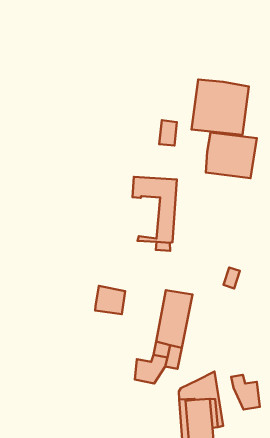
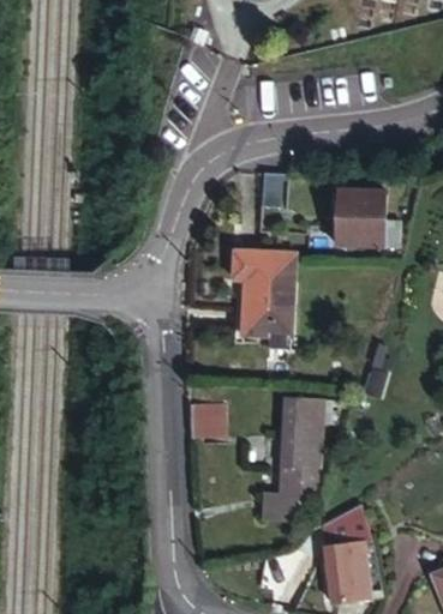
building: [192,79,249,135] -> none
building: none -> [245,277,271,332]
building: [231,375,260,410] -> none

